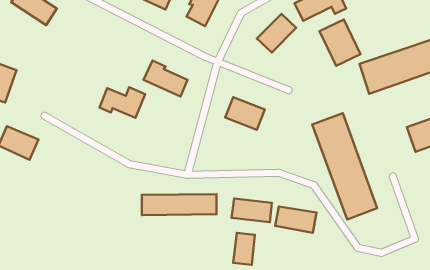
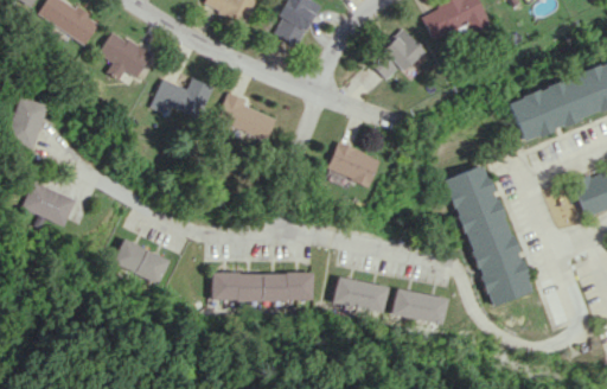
building: none -> [100,32,152,79]
building: [320,19,360,66] -> none
building: [99,87,145,118] -> [152,78,213,120]
building: none -> [114,240,172,285]
building: [233,233,255,265] -> none

